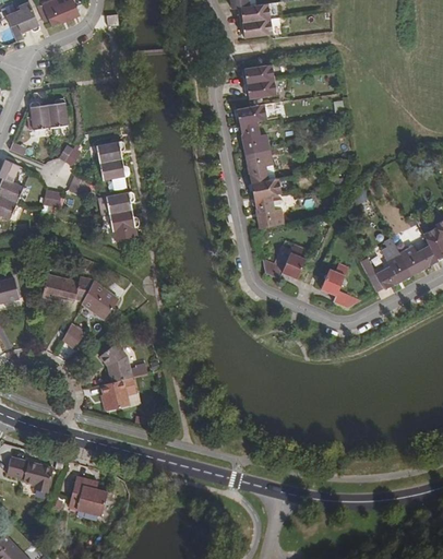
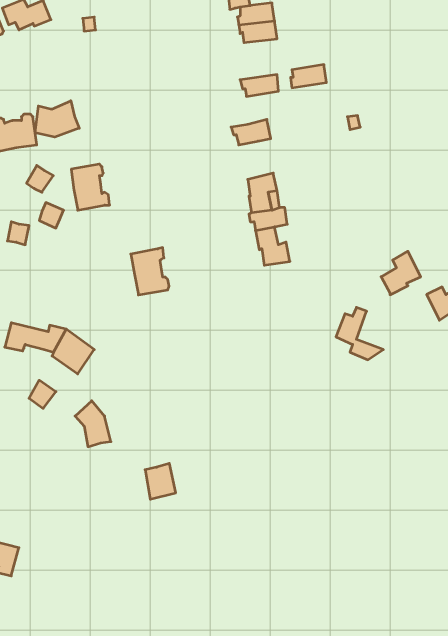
building: [246,79,276,98] -> [291,65,326,88]
building: none -> [35,101,79,137]
building: [240,121,270,154] -> none
building: [106,191,139,231] -> [131,248,169,295]
building: [263,242,304,277] -> none
building: [378,252,411,289] -> [381,251,421,295]
building: [101,379,128,409] -> [145,463,176,499]
building: [67,476,106,516] -> none

